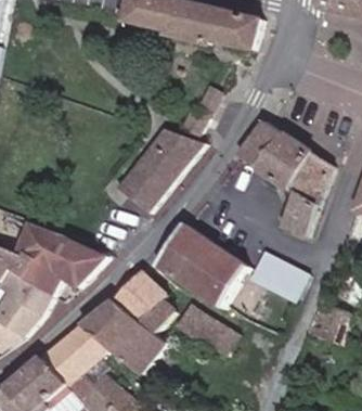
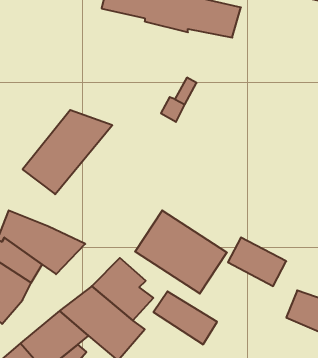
building: [236,120,332,236] -> none
building: [115,128,205,213] -> [23,110,112,194]

